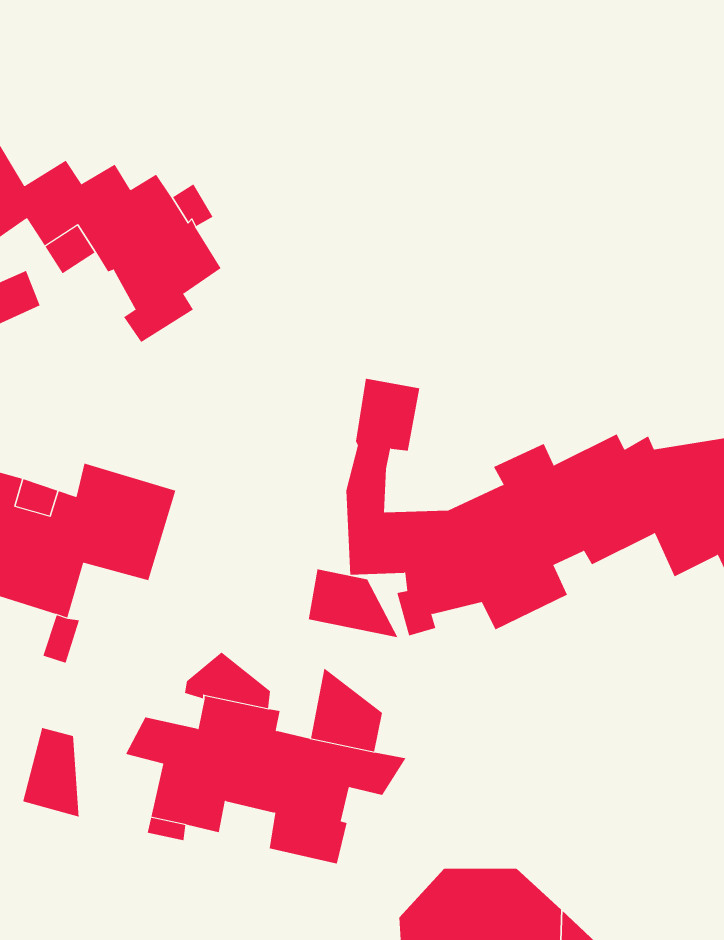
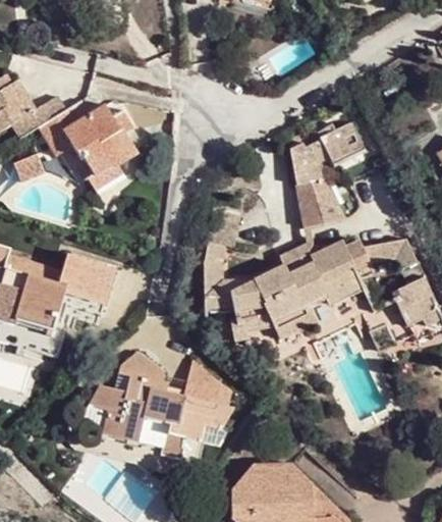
building: none -> [289,121,367,227]
building: [308,569,398,638] -> none
building: [22,727,79,817] -> none

